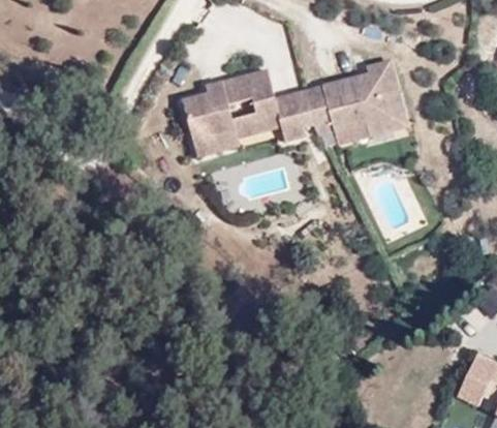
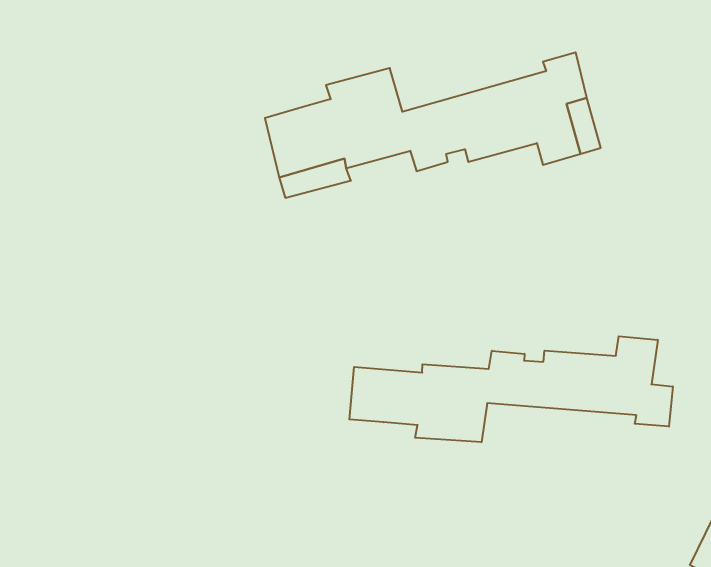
building: none -> [349,336,673,442]

